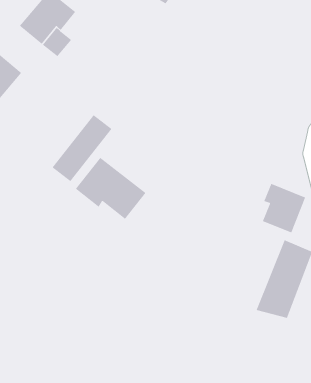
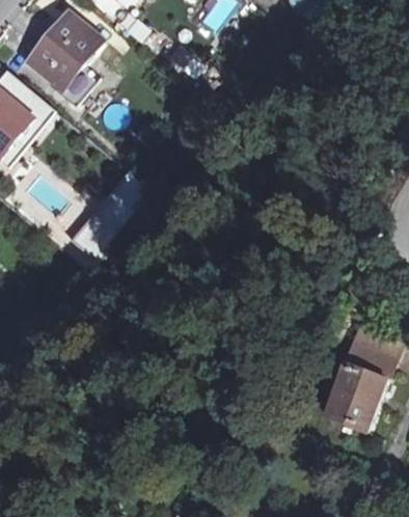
building: [75,157,146,220] -> none
building: [262,183,306,234] -> none

